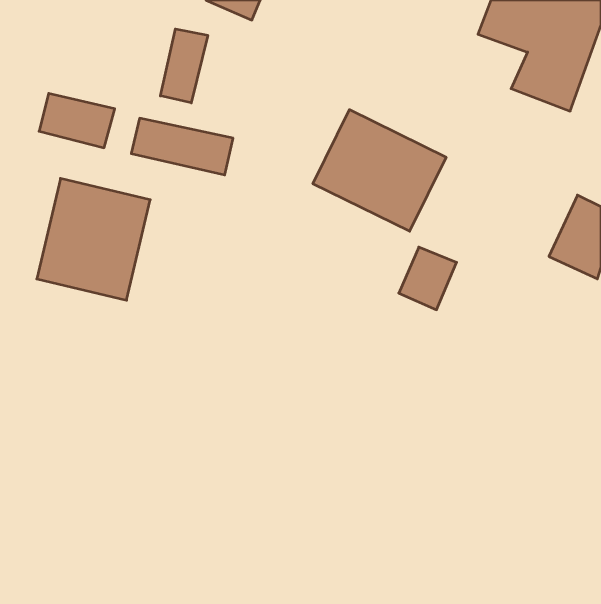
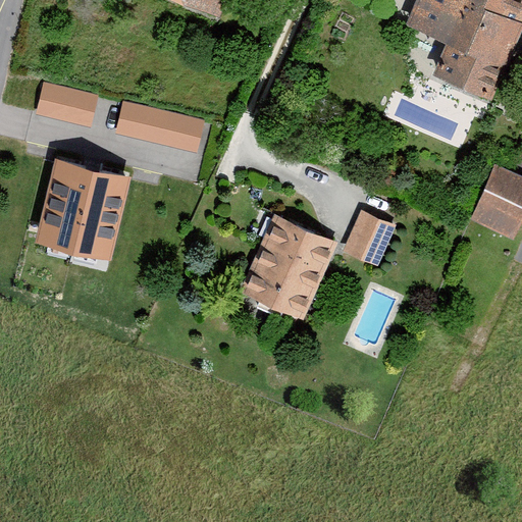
building: [160,29,208,103] -> none
building: [313,110,446,231] -> none
building: none -> [241,214,342,321]

